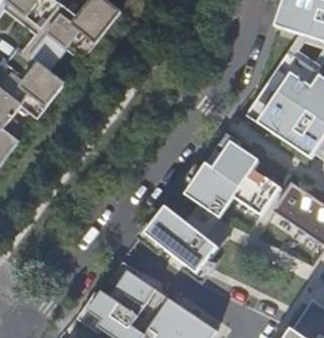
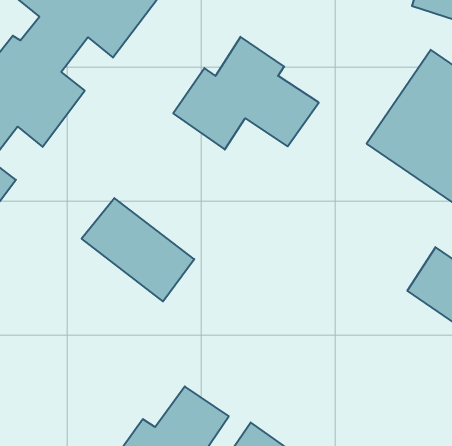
building: [186,143,280,216] -> [173,37,319,150]
building: [144,207,217,274] -> [82,198,194,301]

